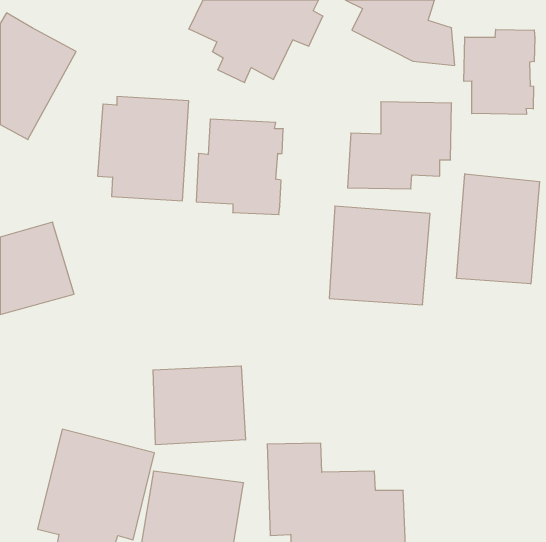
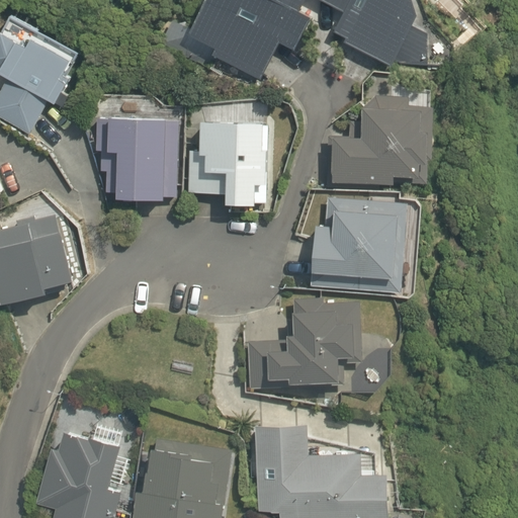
building: [464,29,535,114] -> none
building: [457,174,539,284] -> none
building: none -> [252,298,398,403]
building: [153,366,245,445] -> none

